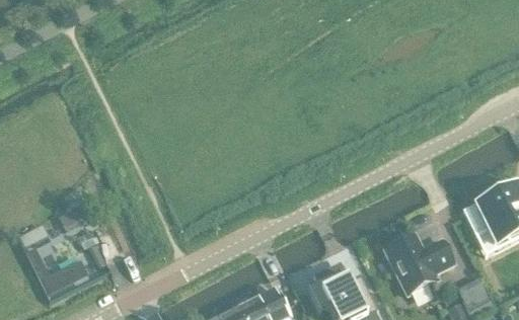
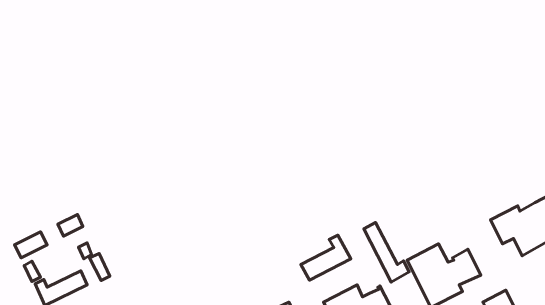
building: none -> [364,222,409,282]
building: none -> [301,235,351,280]

